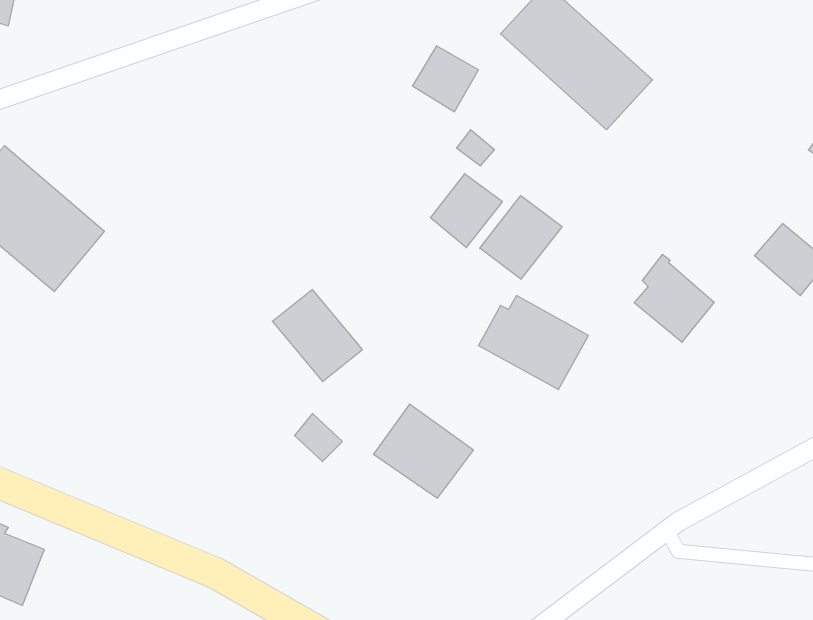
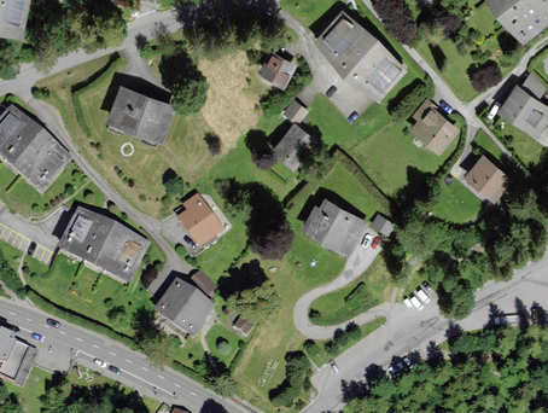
building: none -> [104,86,173,142]
building: [480,196,562,279] -> none
building: [634,254,714,342] -> [409,99,457,152]
building: none -> [58,210,146,283]
building: [373,404,473,498] -> [151,281,211,338]

